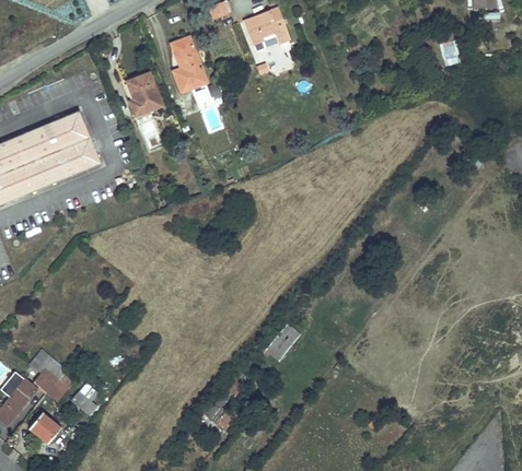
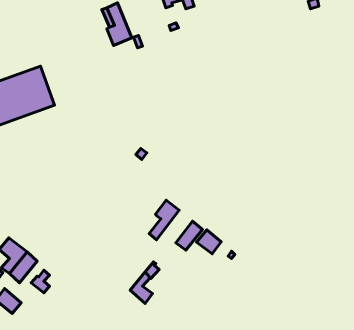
building: [126,72,161,116] -> none
building: none -> [149,200,179,240]
building: none -> [197,230,221,254]

